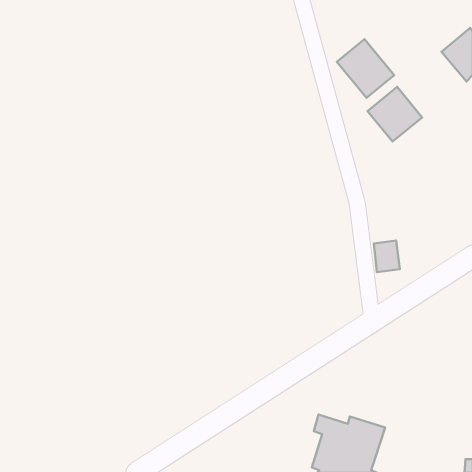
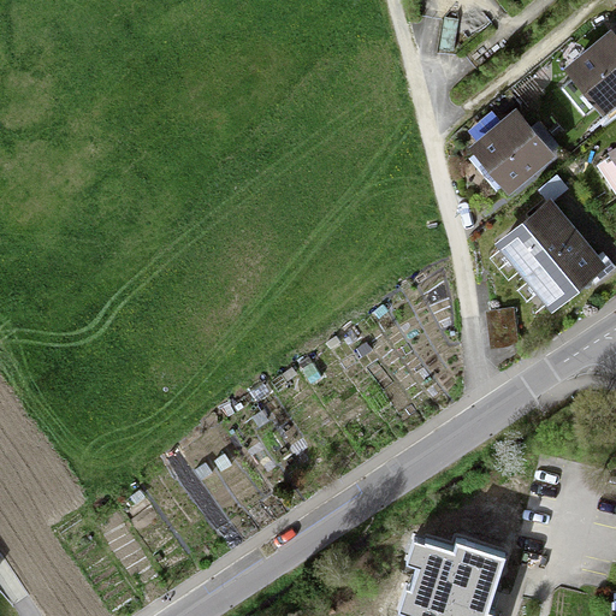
building: [337,39,394,98] -> none
building: none -> [503,203,602,303]

